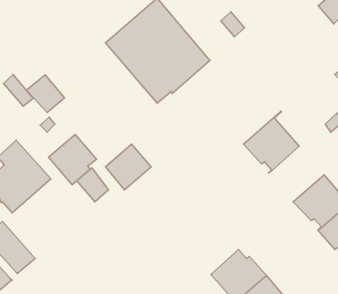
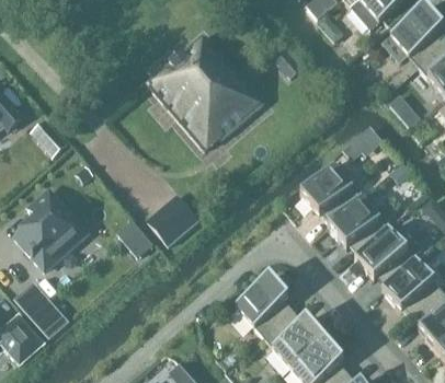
building: [26,75,65,112] -> none
building: none -> [342,124,383,158]
building: [49,134,96,185] -> none
building: none -> [329,195,389,256]
building: none -> [236,275,295,336]

